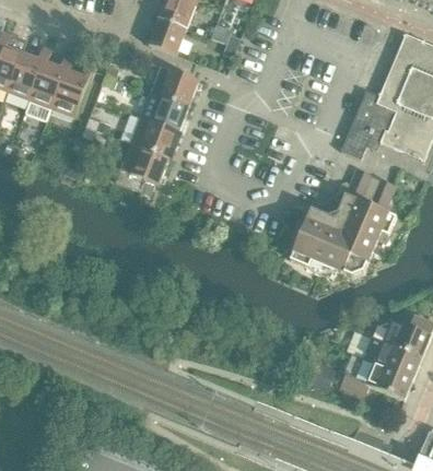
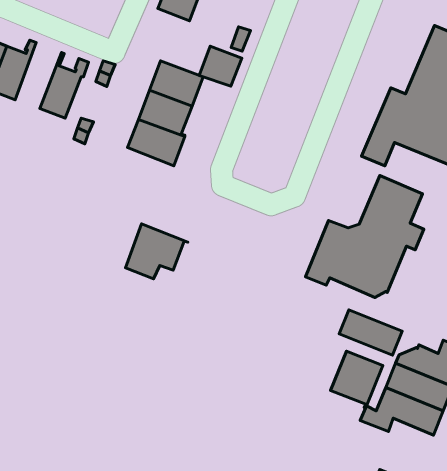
building: [148,17,186,54] -> [199,46,242,86]
building: [25,48,71,119] -> none
building: [116,142,172,191] -> [126,224,188,279]
building: none -> [339,310,402,355]
building: none -> [331,351,383,408]

